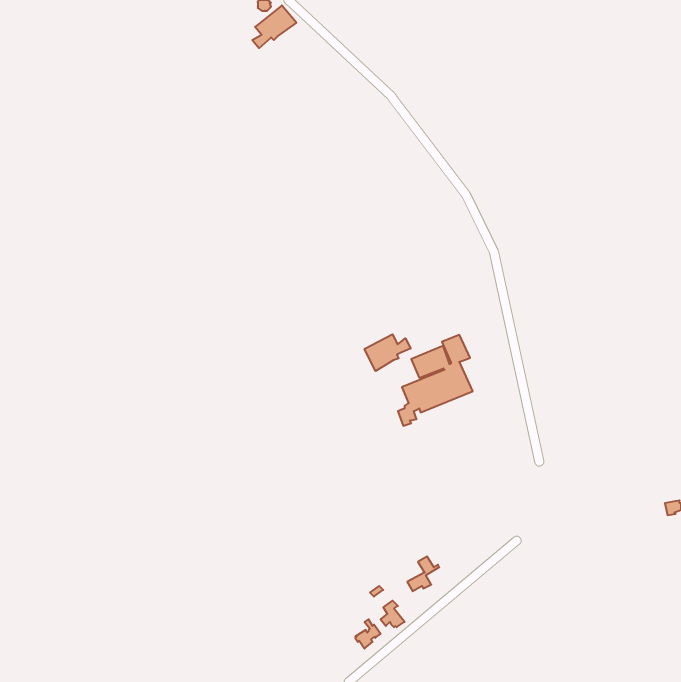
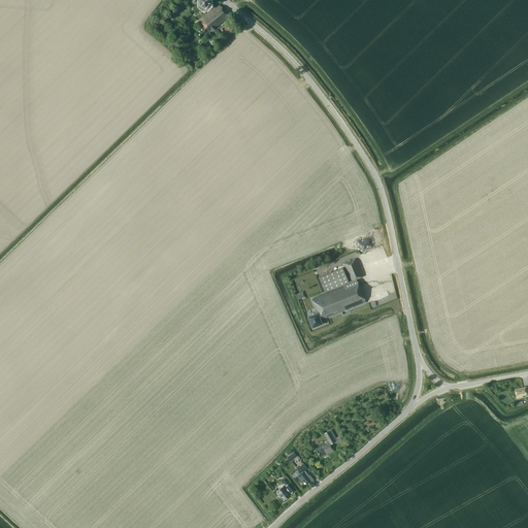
building: [365,334,411,371] -> none

